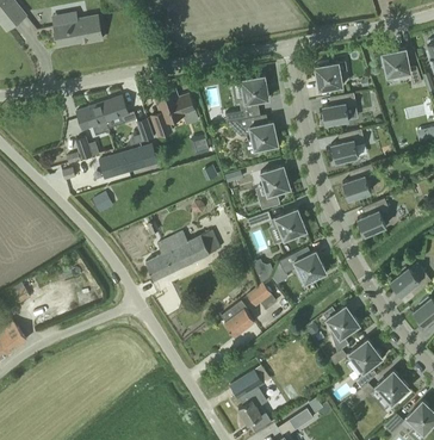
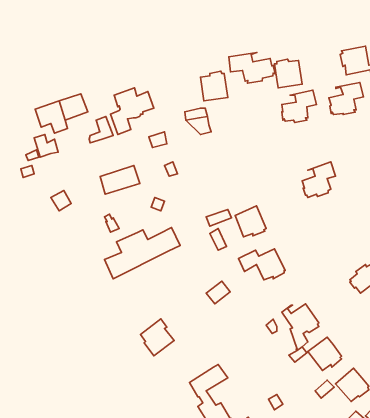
building: [54,16,103,47] -> none
building: none -> [229,53,275,83]
building: [249,122,278,150] -> none
building: [330,130,365,162] -> [329,82,363,115]
building: [107,149,147,178] -> [100,166,140,194]
building: [260,166,290,196] -> none
building: [356,199,390,236] -> none
building: [221,300,254,337] -> [141,319,174,356]

